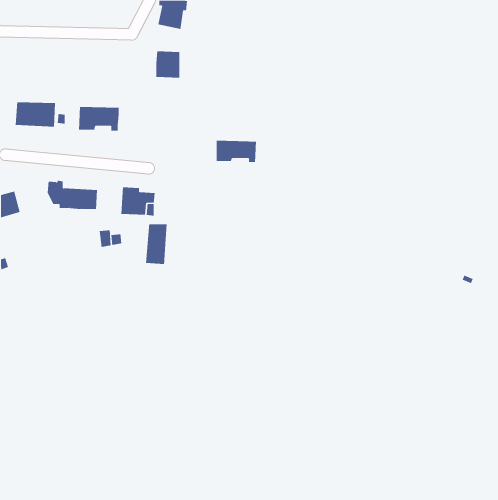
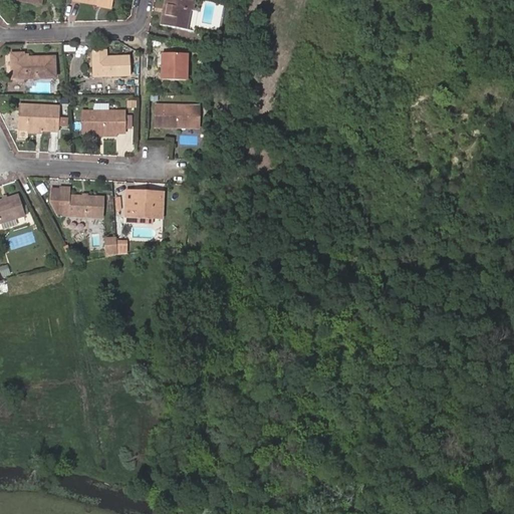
building: none -> [89,51,125,78]
building: none -> [12,52,54,77]
building: [216,140,257,163] -> [156,105,198,128]
building: [146,224,167,265] -> none

